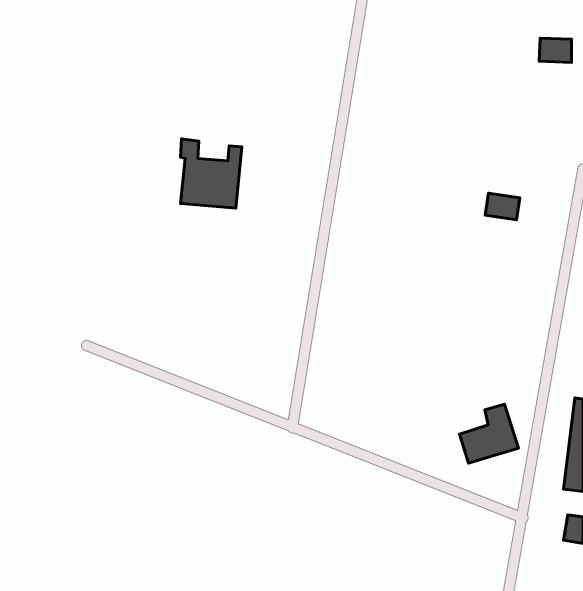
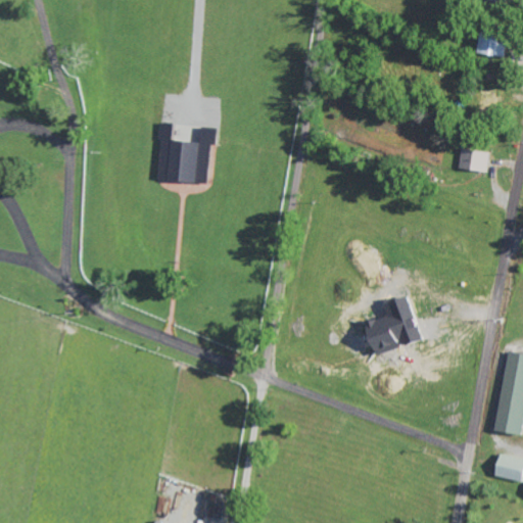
building: [485,193,520,220] -> [458,148,488,172]
building: [459,404,518,463] -> [368,297,420,349]

